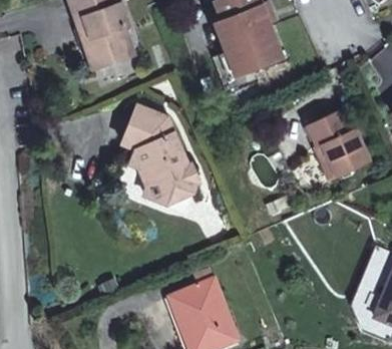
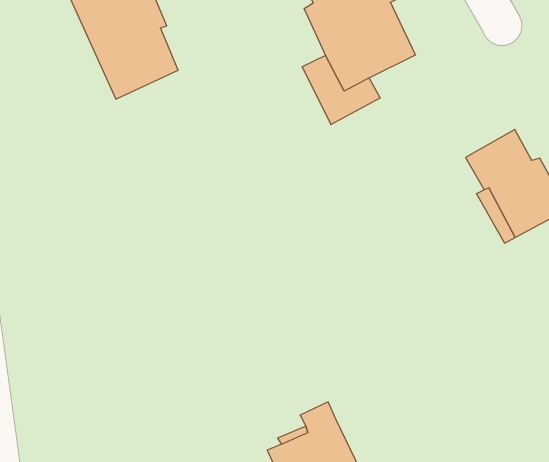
building: [122,107,198,206] -> none

